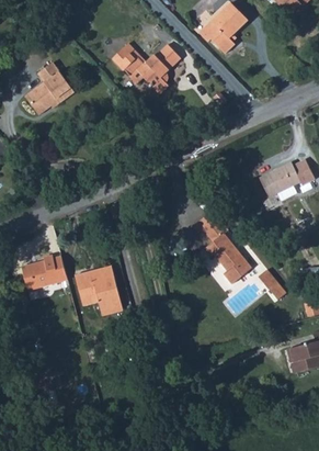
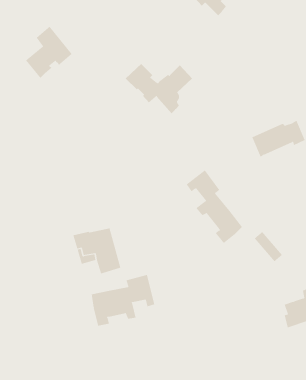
building: [112,44,181,95] -> [125,63,193,114]
building: [22,256,68,290] -> none
building: none -> [91,274,155,327]

